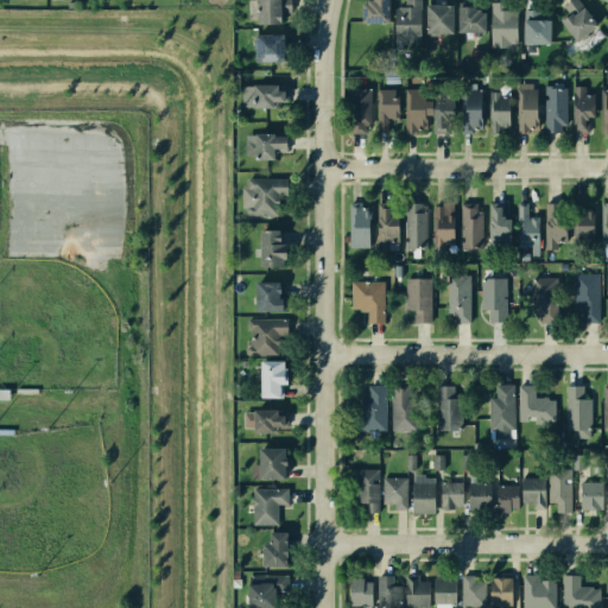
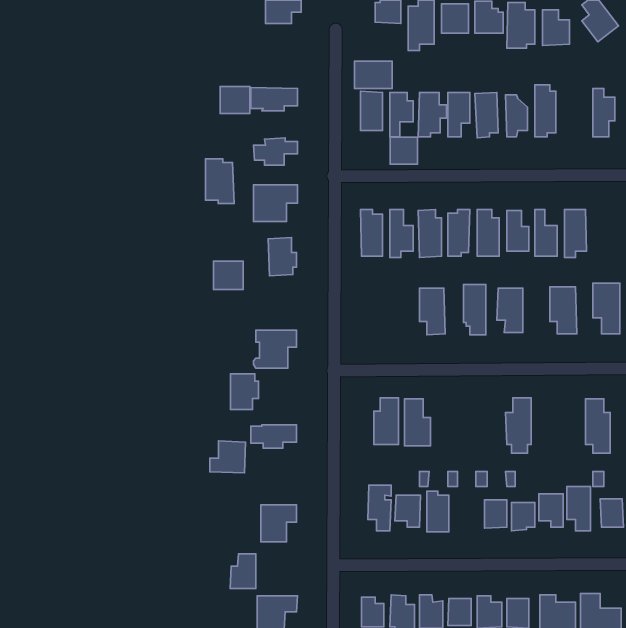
building: [258,36,286,62] -> [220,87,250,114]
building: none -> [355,61,392,88]
building: [546,87,569,133] -> none
building: none -> [390,137,418,164]
building: none -> [205,159,234,204]
building: [578,204,595,241] -> none
building: [353,281,386,323] -> none
building: [258,283,286,310] -> [214,261,243,290]
building: [262,362,290,397] -> [230,374,259,410]
building: [438,386,462,430] -> none
building: [520,386,557,424] -> none
building: [253,449,287,480] -> [210,441,246,473]
building: [442,482,463,511] -> none
building: [265,533,290,566] -> [230,554,256,588]

